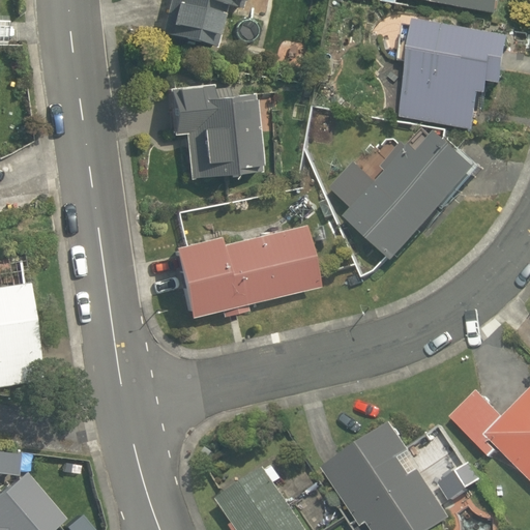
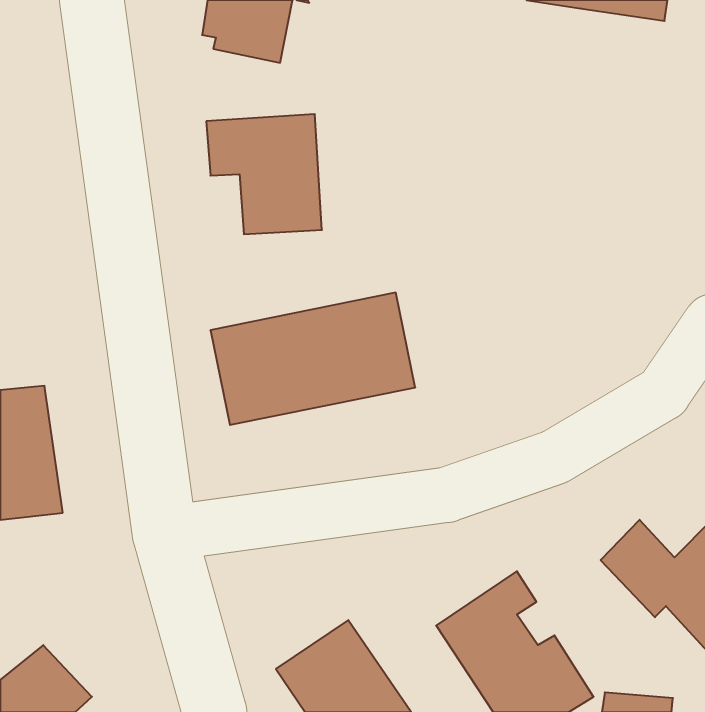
building: [402,25,504,126] -> none
building: [324,128,477,263] -> none

